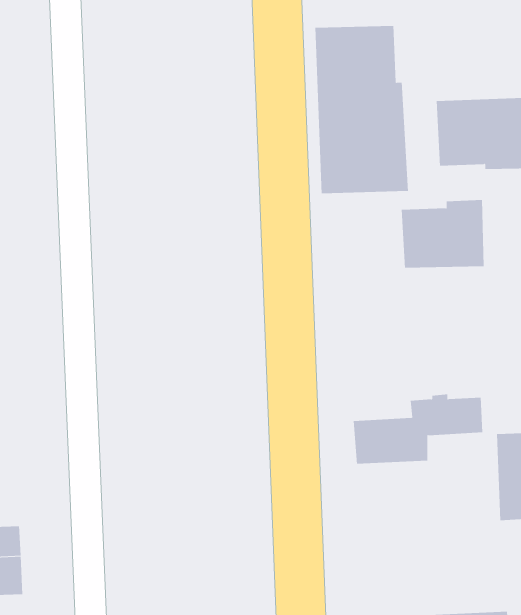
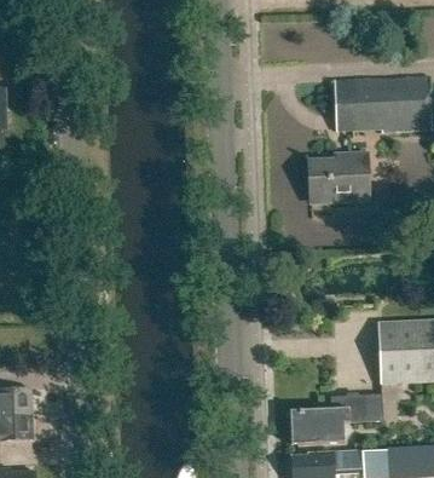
building: [315,25,408,194] -> none
building: [353,394,483,464] -> [289,392,383,443]

